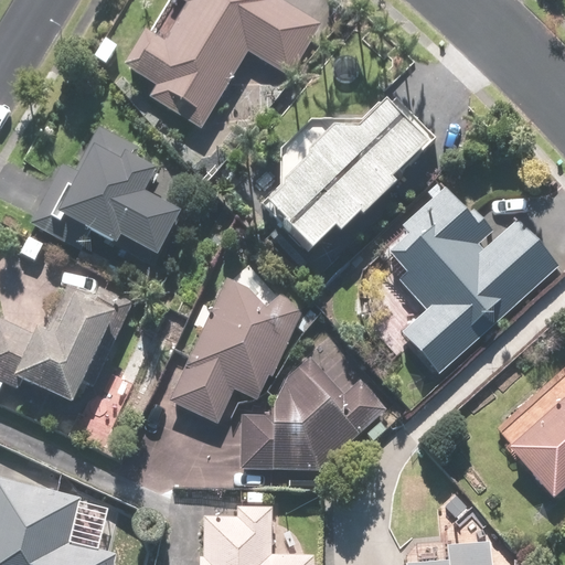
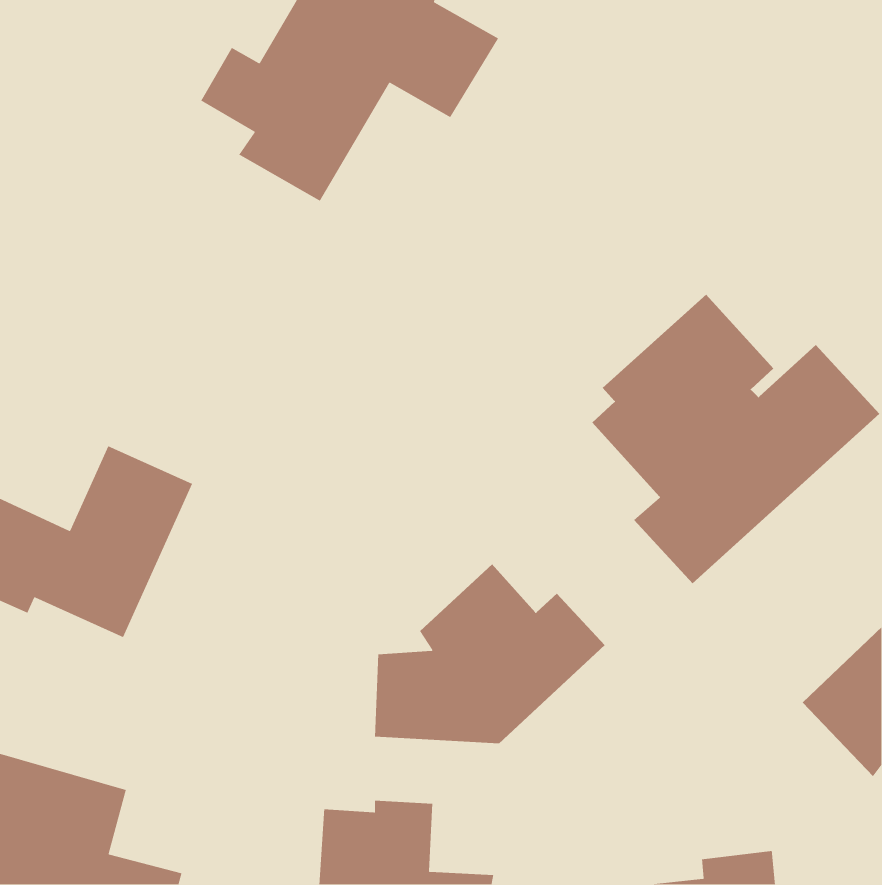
building: [264,95,450,252] -> none
building: [31,126,182,267] -> none
building: [168,275,306,425] -> none

